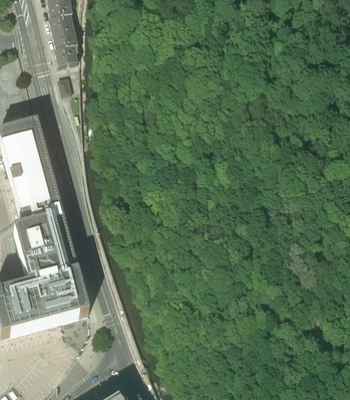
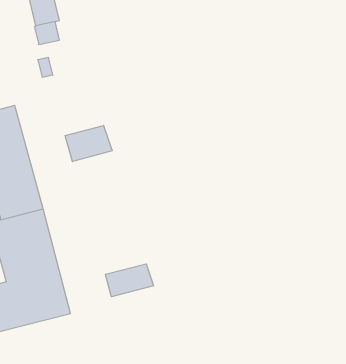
building: none -> [65,125,112,162]
building: none -> [105,264,153,297]

